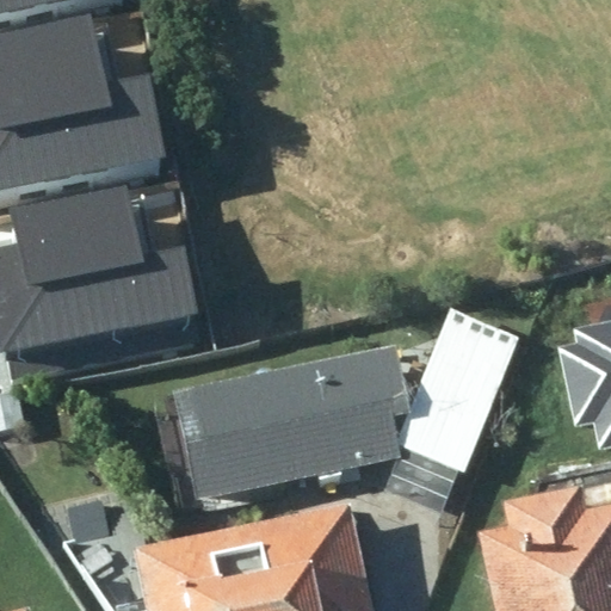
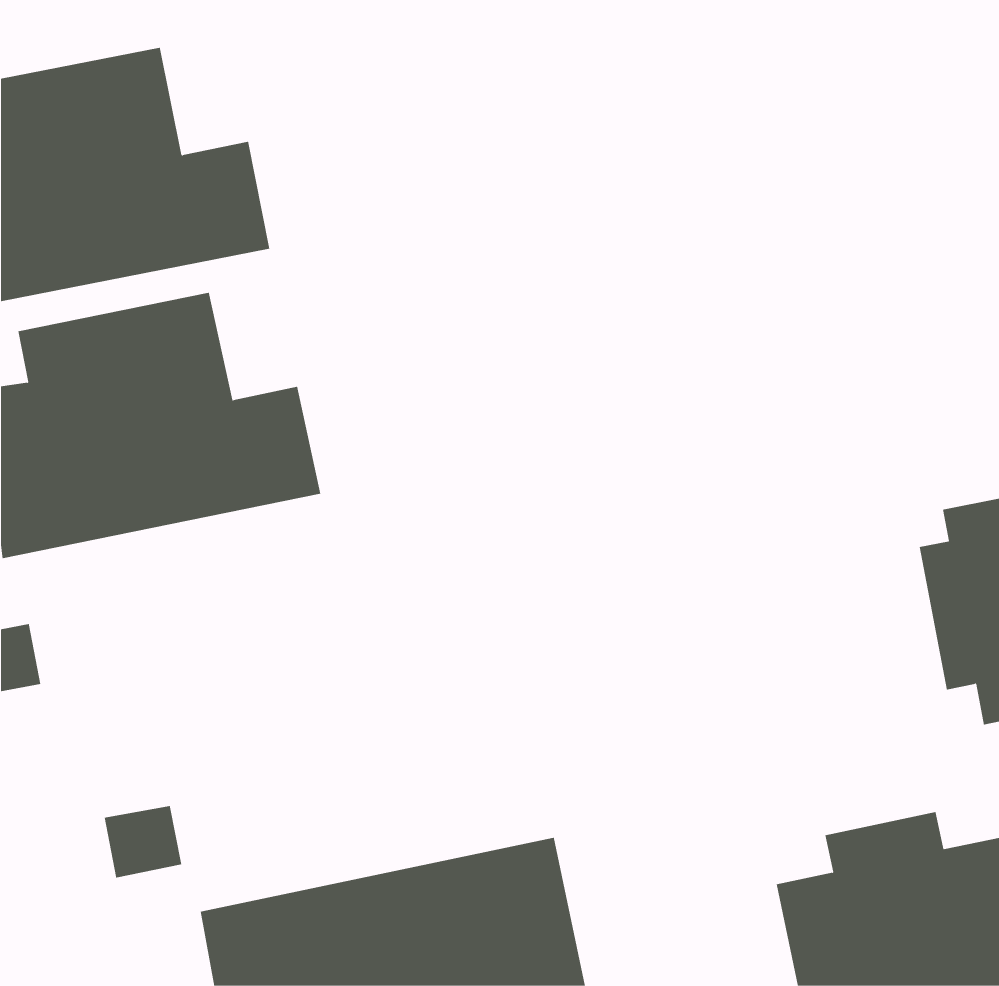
building: [382,316,518,517] -> none
building: [154,352,390,504] -> none

